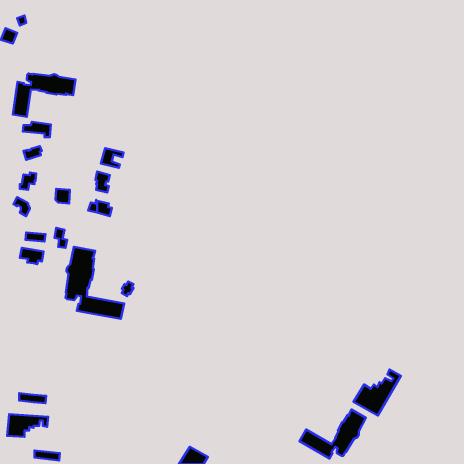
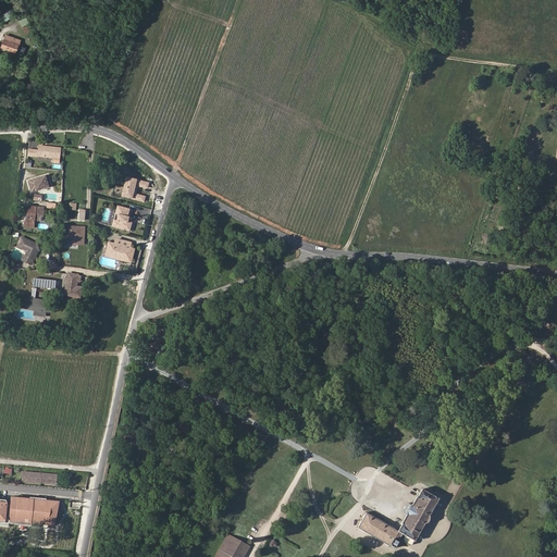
building: [13,74,76,117] -> none
building: [65,247,124,319] -> none
building: [354,370,401,415] -> none

